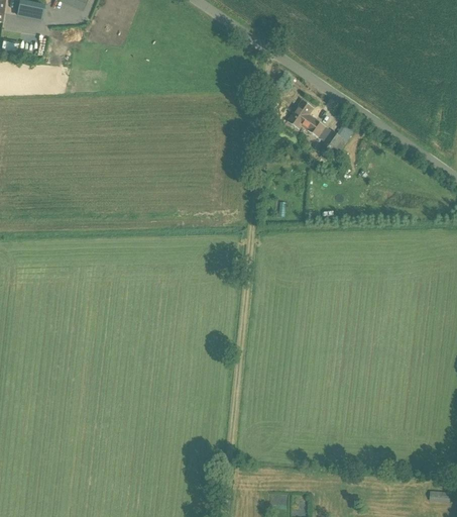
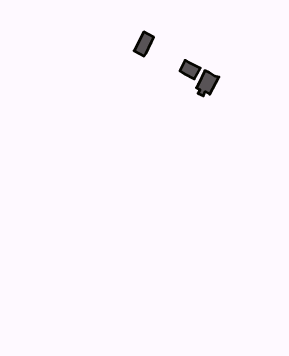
building: [288,99,314,128] -> [134,32,154,56]

